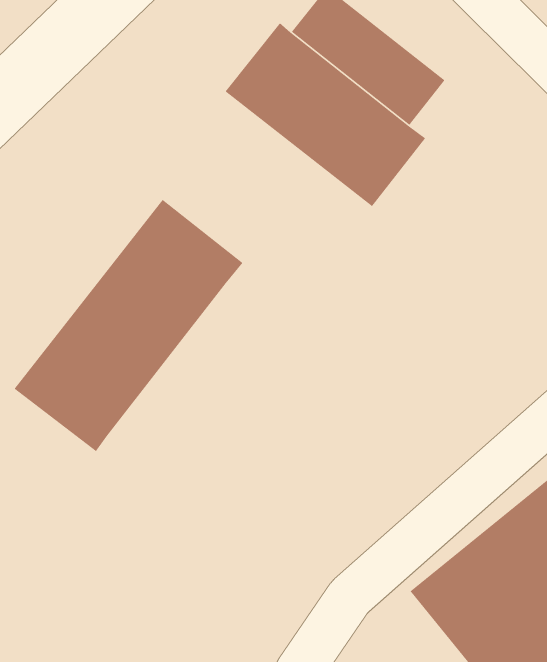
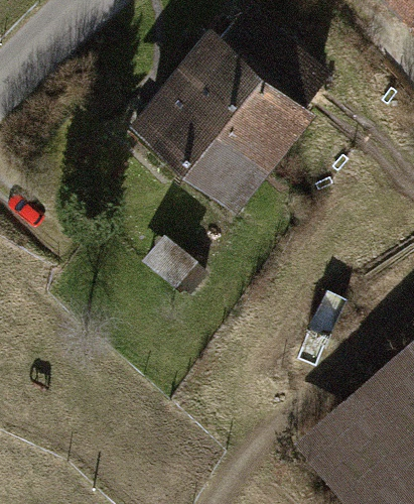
building: none -> [129,81,274,213]
building: [13,199,243,452] -> none

